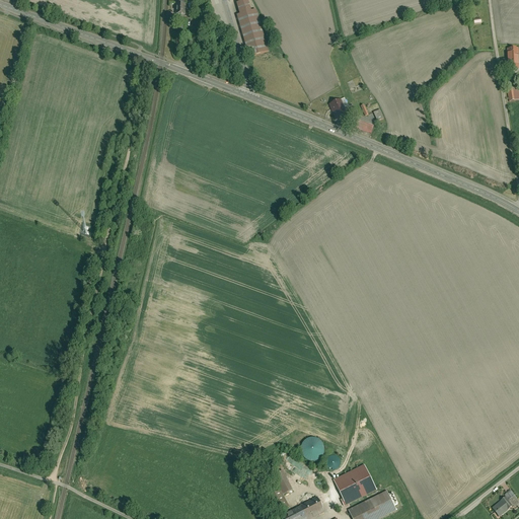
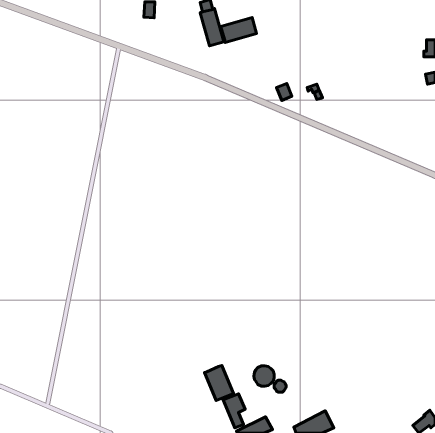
building: none -> [221,18,256,42]
building: none -> [204,365,234,401]
building: [335,464,378,505] -> none

